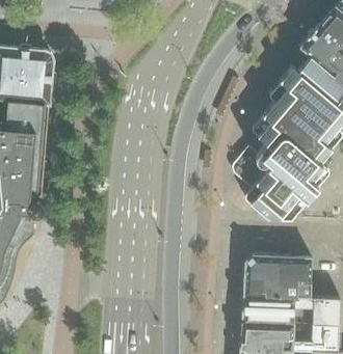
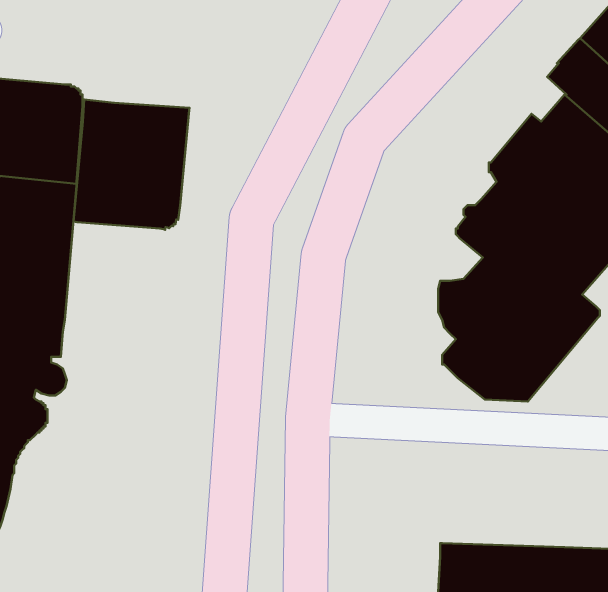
building: none -> [73,99,189,230]
building: [243,254,311,297] -> none

